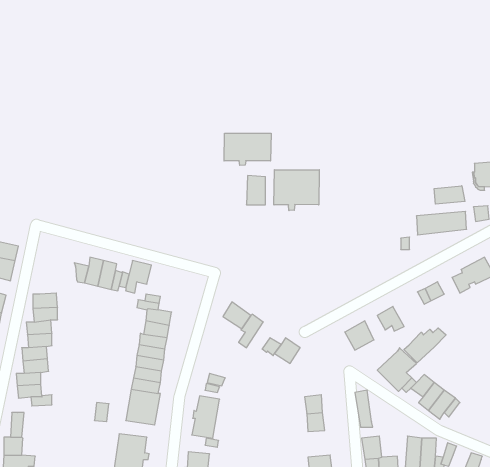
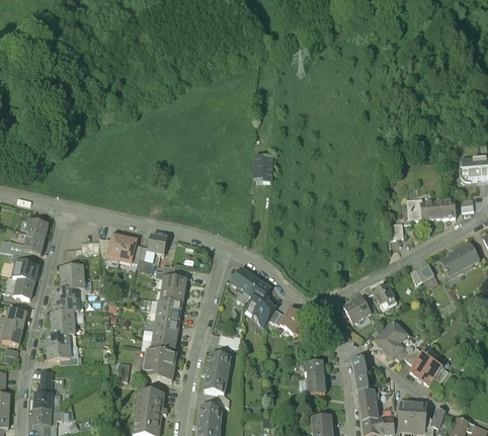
building: [224,133,271,165] -> none
building: [274,170,319,211] -> none
building: [434,186,465,204] -> none
building: [404,328,446,363] -> none

